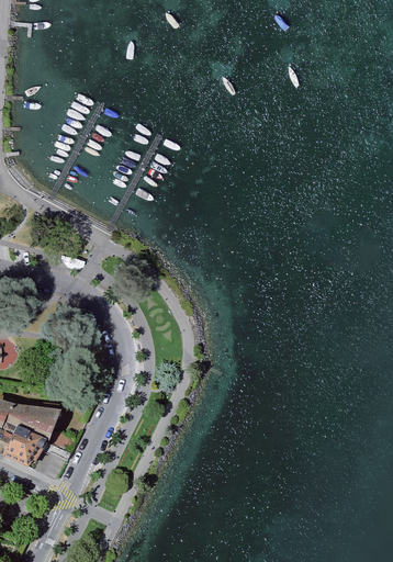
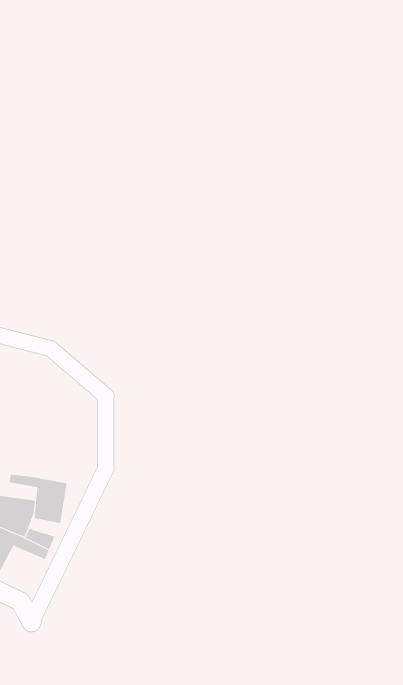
building: none -> [9,474,67,524]

